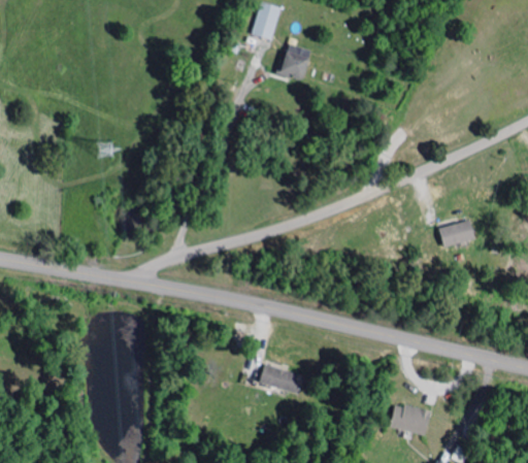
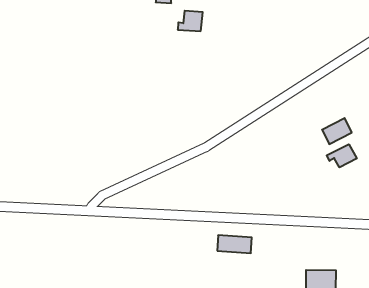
building: none -> [327,144,357,167]
building: [258,364,304,393] -> [217,235,252,253]

